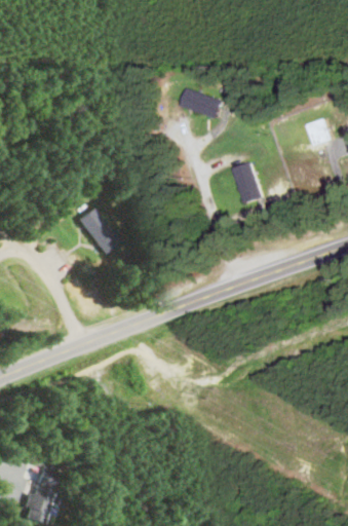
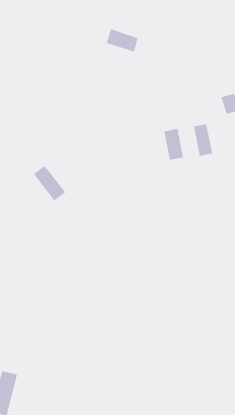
building: [183,87,224,117] -> [106,29,138,52]
building: none -> [194,124,213,157]

